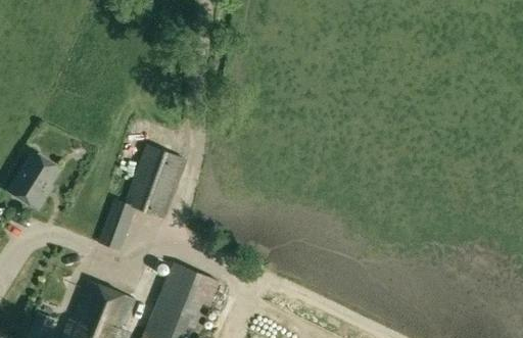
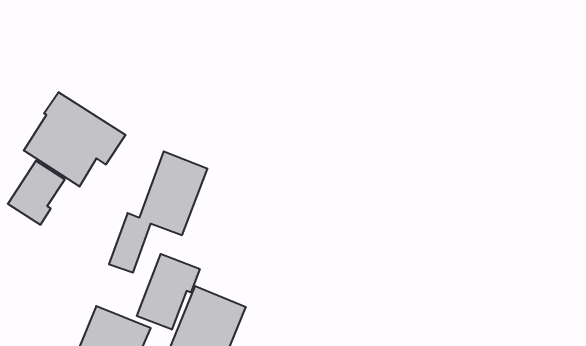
building: none -> [24,92,125,187]
building: none -> [137,254,200,330]

